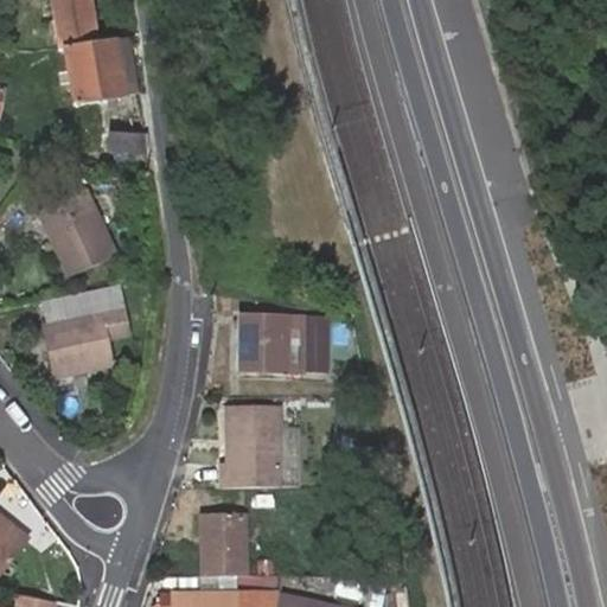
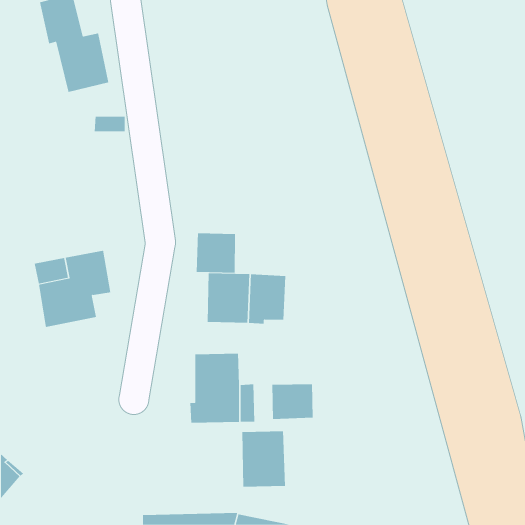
building: [41,192,117,279] -> none
building: none -> [196,233,235,273]
building: none -> [272,383,313,420]
building: [196,512,247,577] -> [242,431,286,487]

